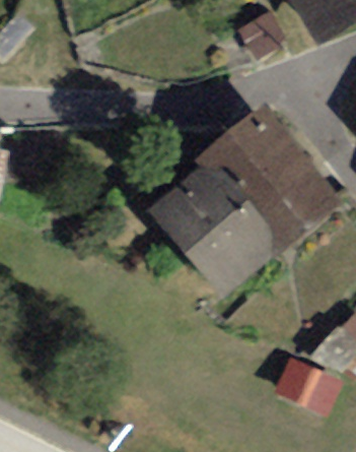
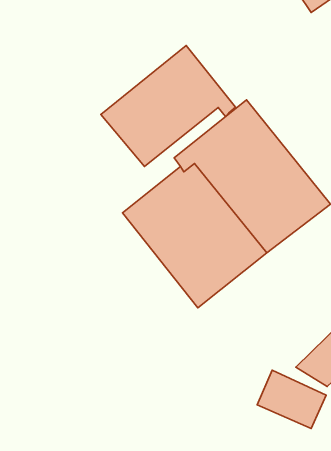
building: none -> [101,46,236,166]

